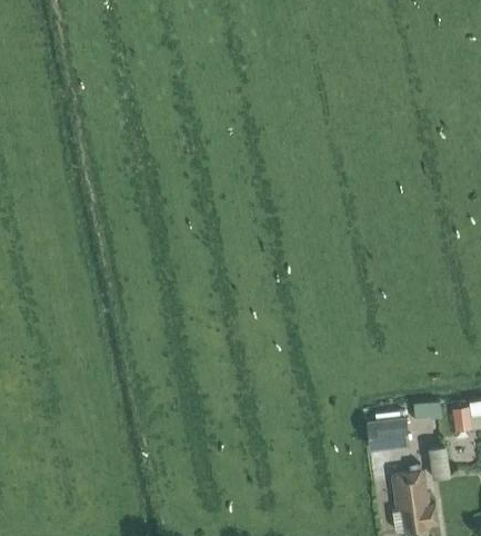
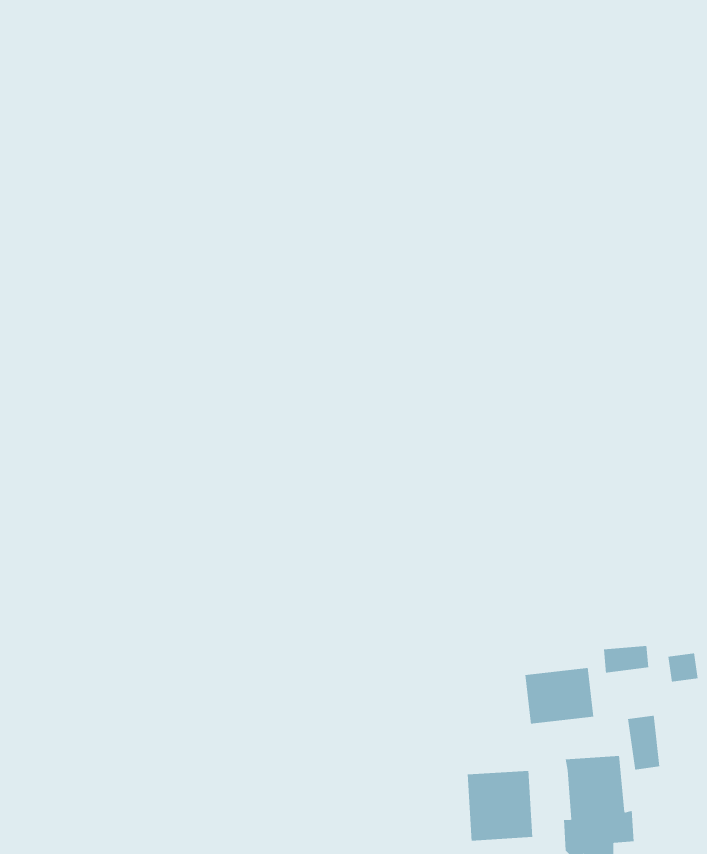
building: none -> [467,770,533,841]

